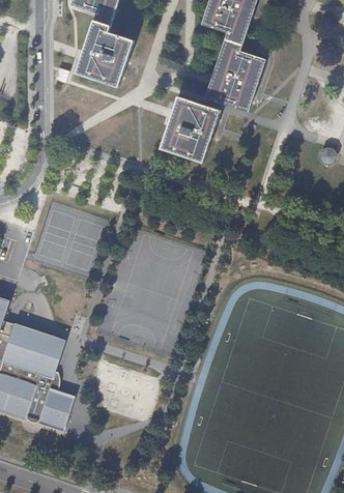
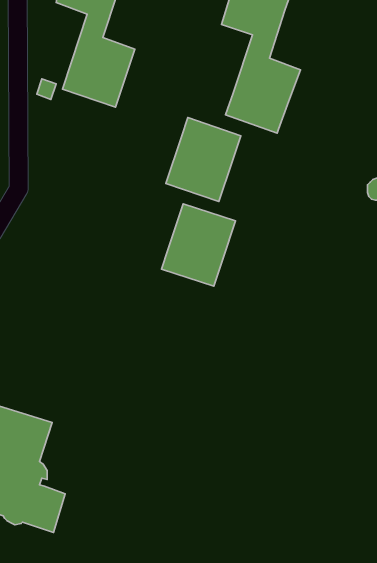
building: none -> [161,204,236,286]

